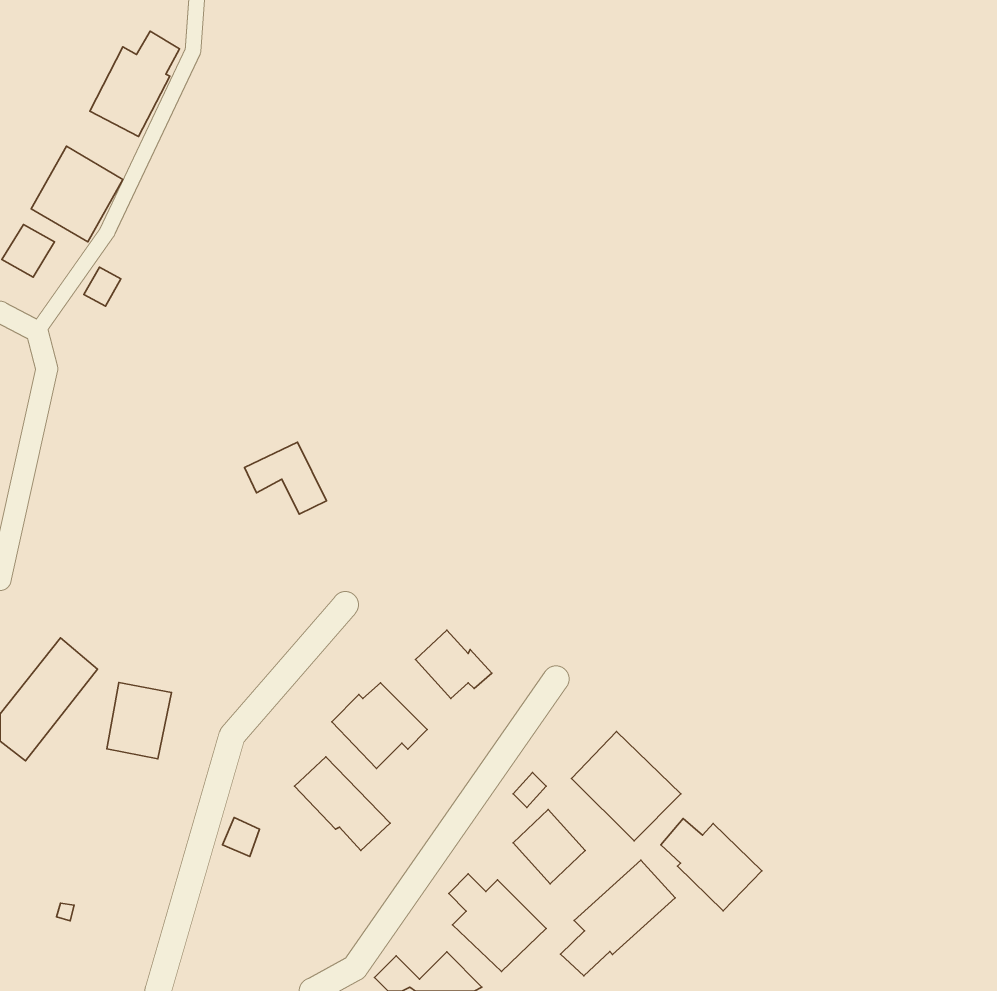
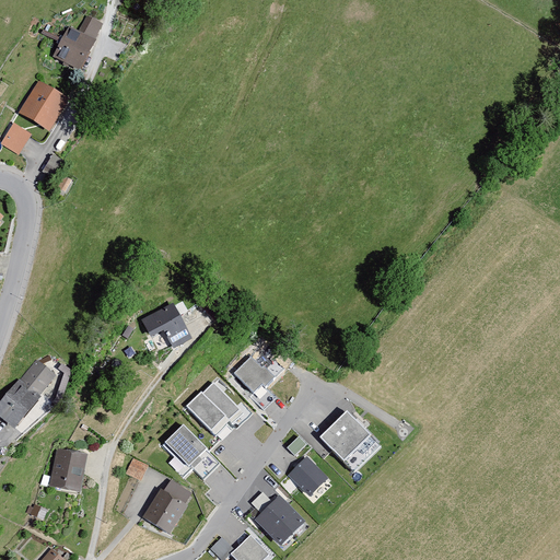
building: [245,442,327,514] -> [143,304,189,345]
building: [107,683,171,759] -> [49,447,85,490]
building: [661,819,762,911] -> none
building: none -> [142,478,192,535]
building: [560,860,675,976] -> none

